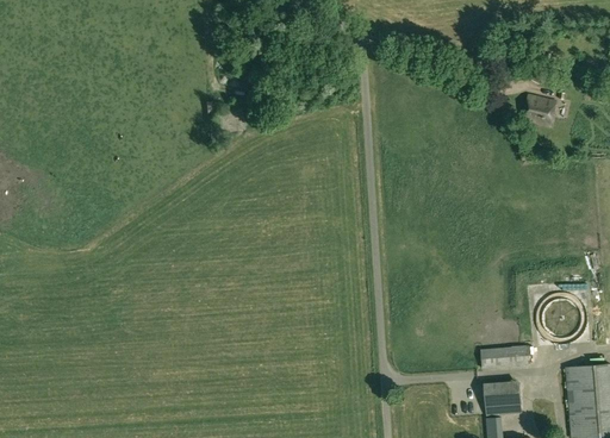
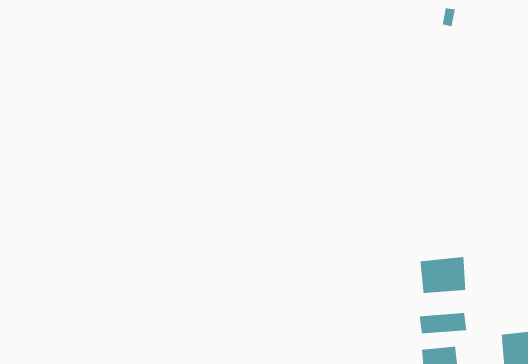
building: [523,94,556,125] -> none
building: none -> [420,256,466,294]

